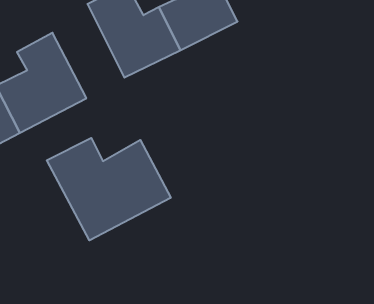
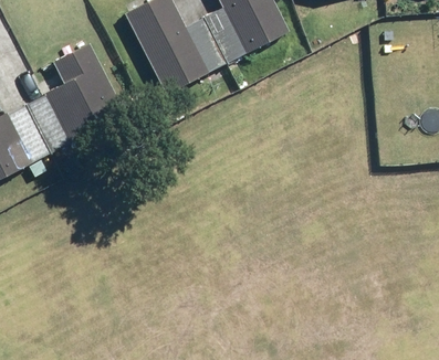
building: [47,138,171,240] -> none

